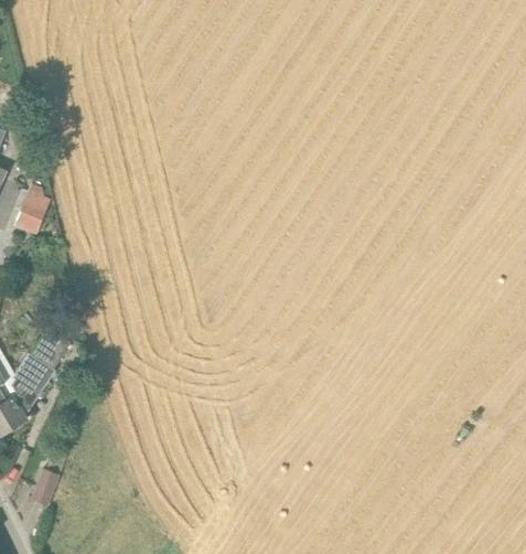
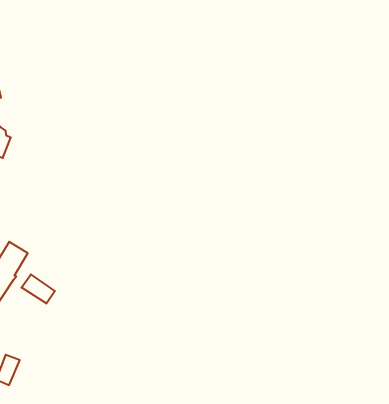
building: none -> [21,274,55,304]

